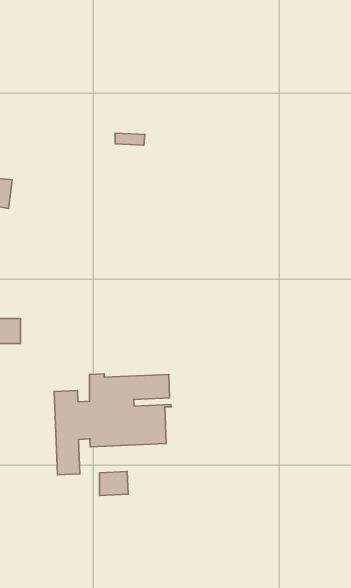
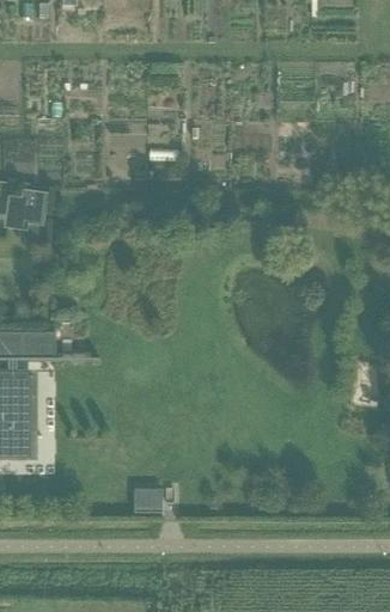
building: [54,374,171,475] -> none

